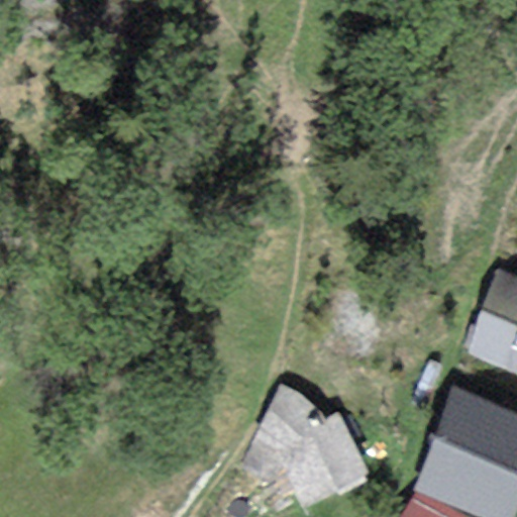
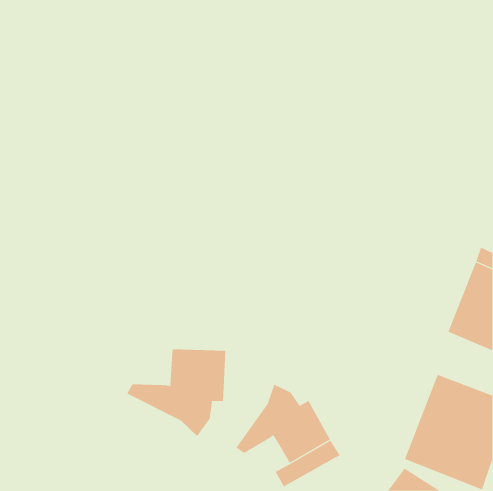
building: none -> [126,348,226,437]

